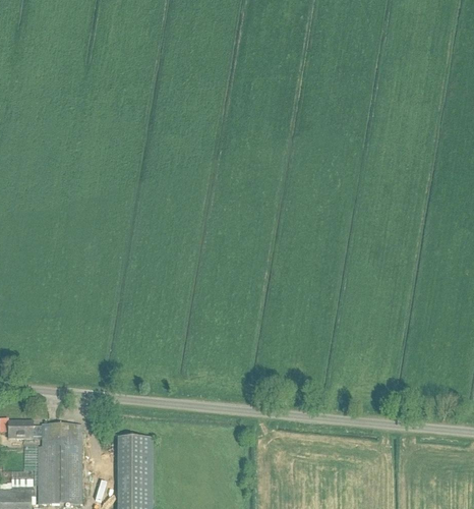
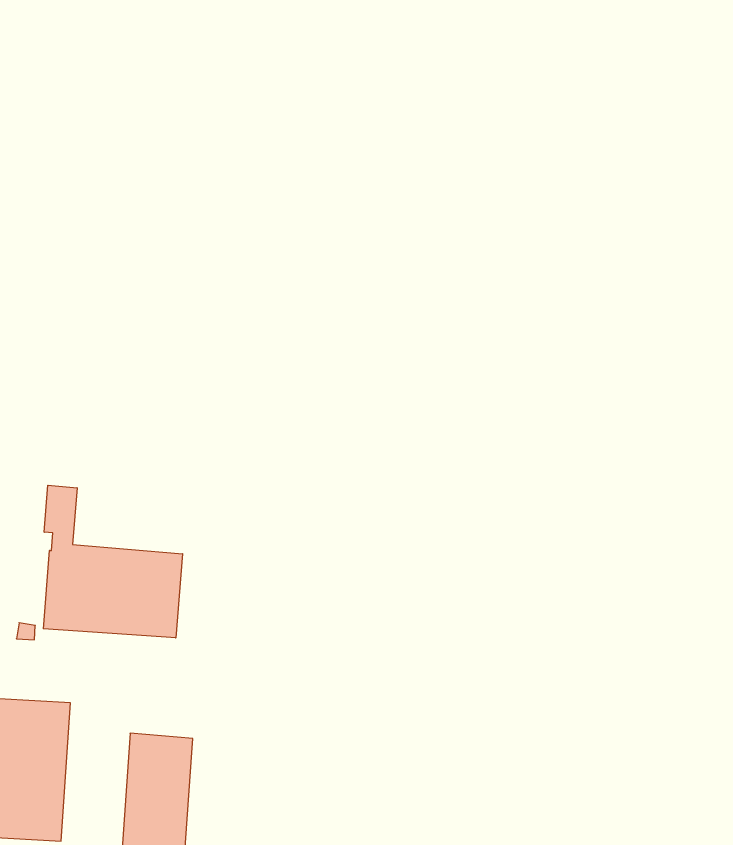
building: none -> [43,485,183,638]

